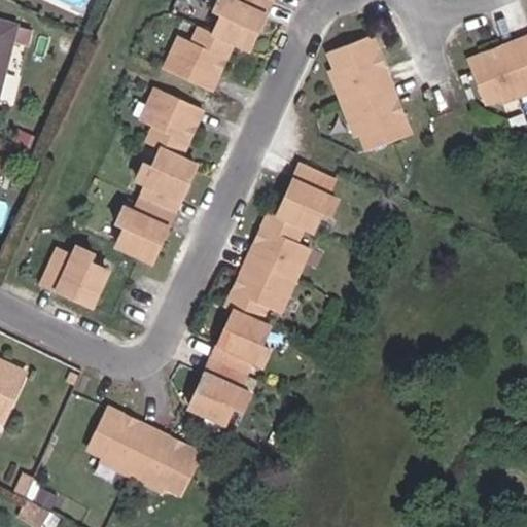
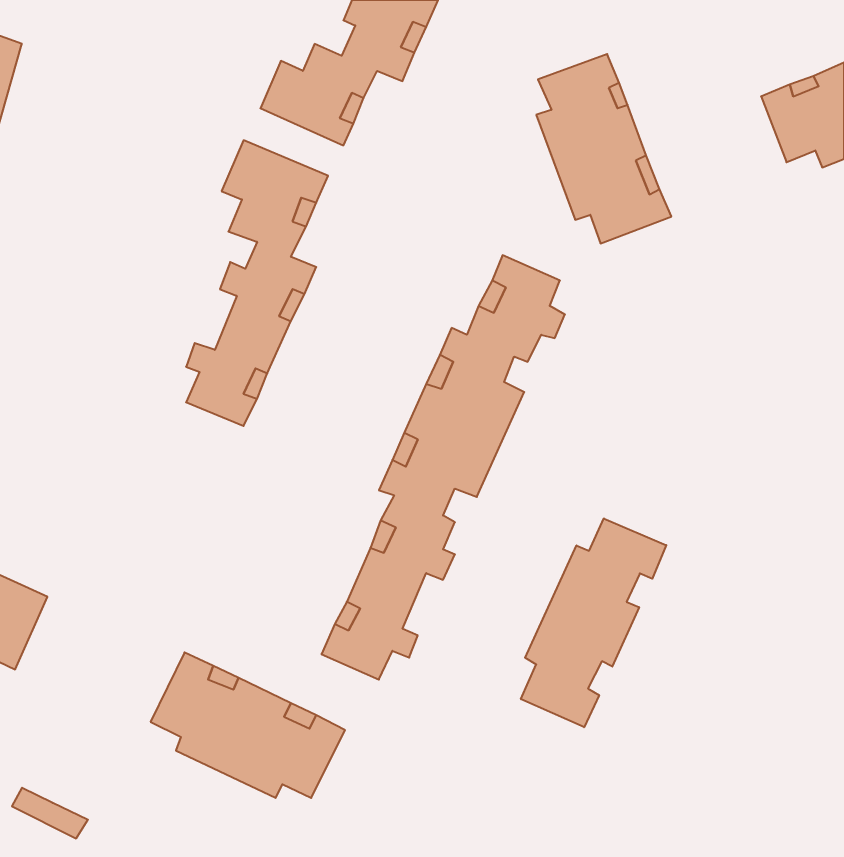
building: [42,242,106,298] -> none
building: none -> [521,518,666,727]

